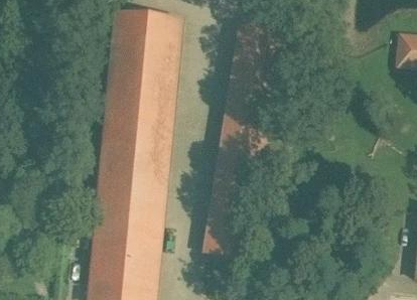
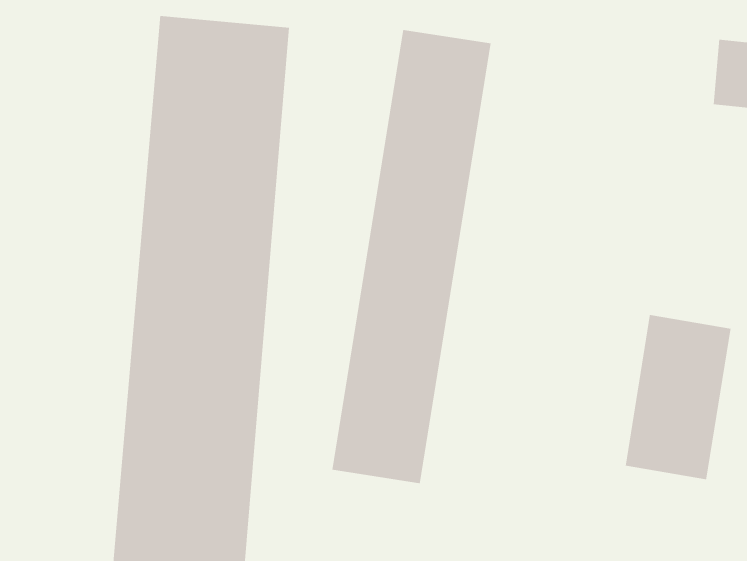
building: none -> [625,314,731,480]

